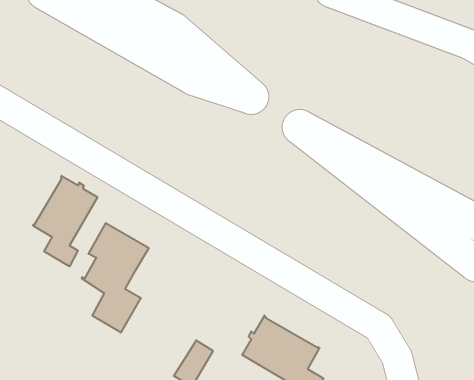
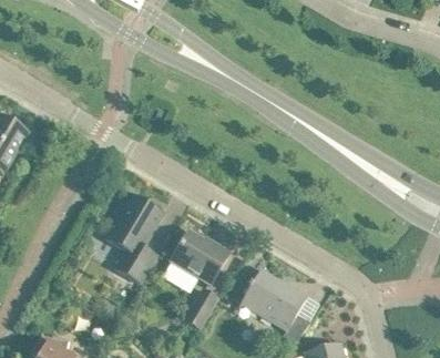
building: [33,176,97,266] -> none
building: none -> [171,229,229,283]

